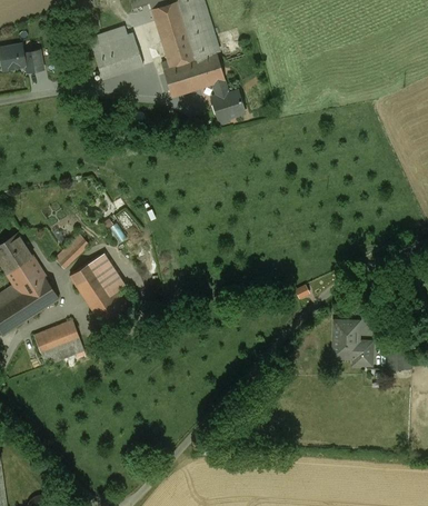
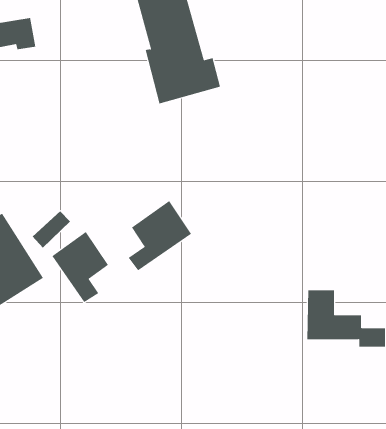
building: [87,23,142,79] -> none
building: none -> [128,200,192,271]
building: [30,318,83,366] -> none

